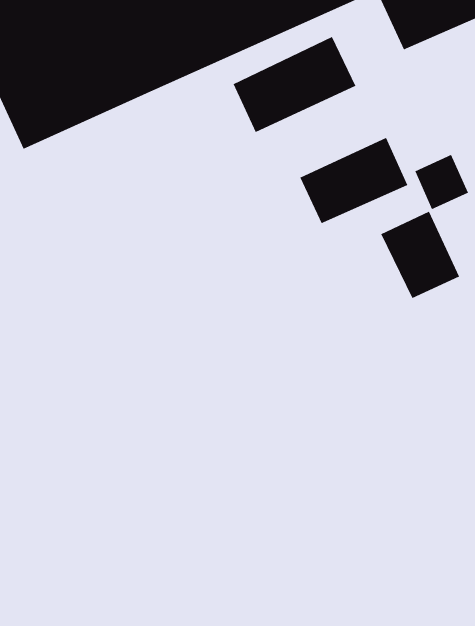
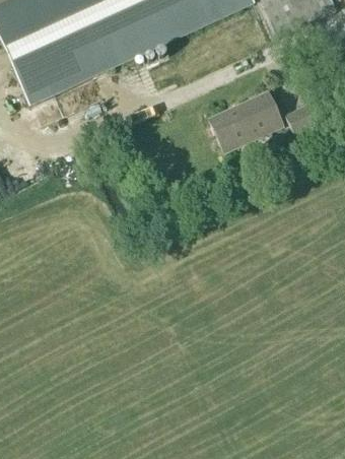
building: [233,36,356,133] -> none
building: [381,211,460,299] -> none

